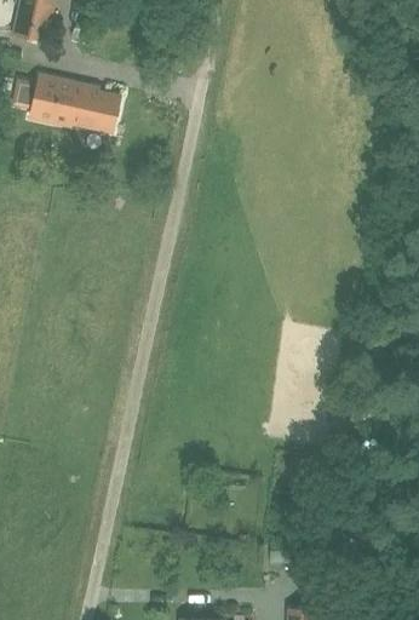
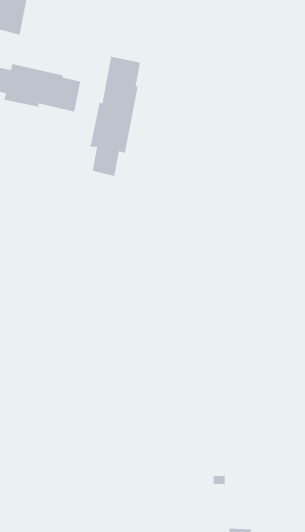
building: none -> [90,56,141,177]

